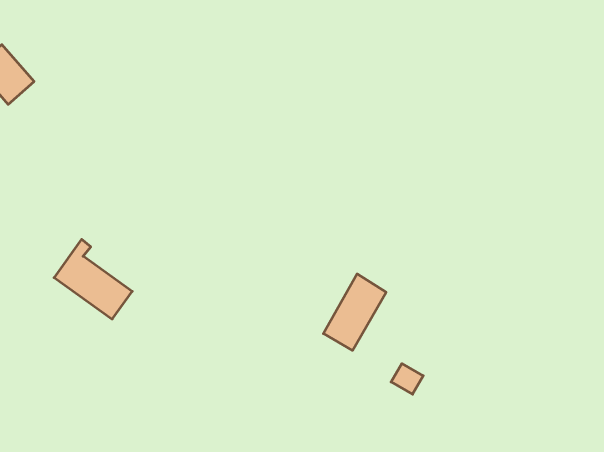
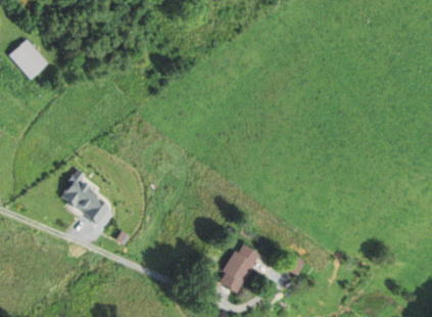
building: [323,274,386,350] -> [219,241,260,292]

